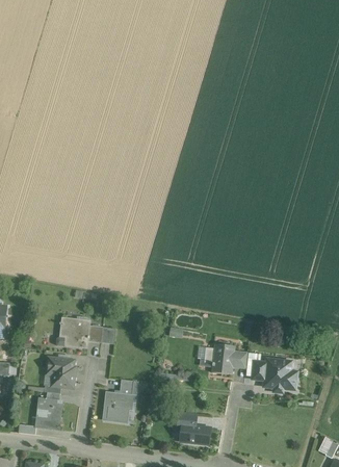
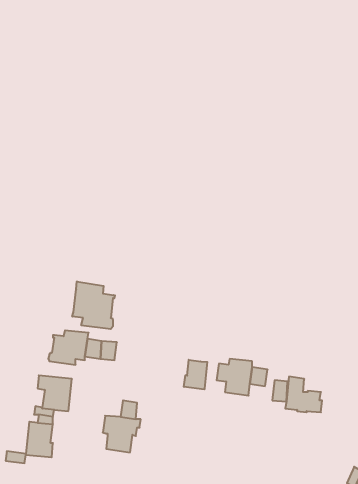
building: none -> [72,281,115,329]
building: none -> [184,360,207,389]
building: [178,412,210,443] -> none

